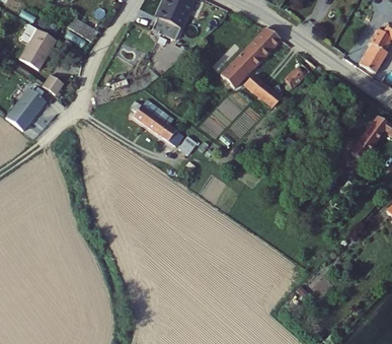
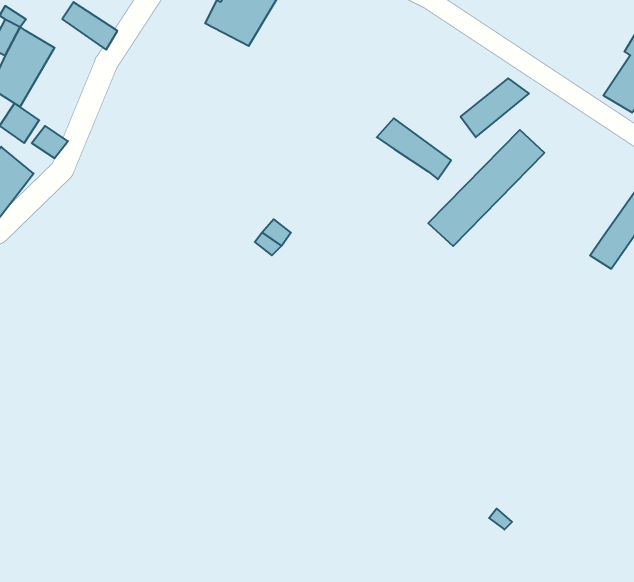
building: [216,29,278,91] -> [428,130,544,246]
building: [128,95,179,142] -> none

